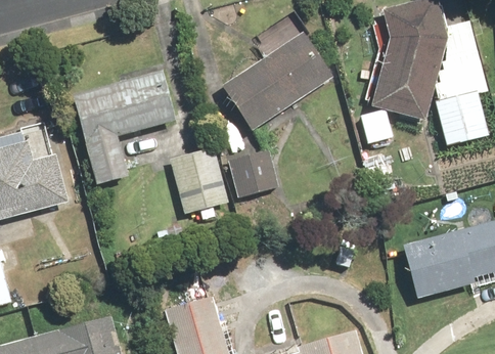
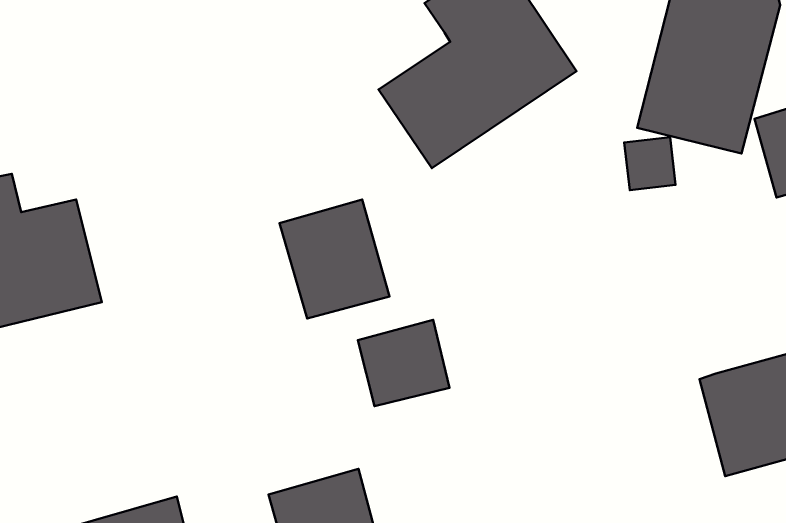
building: [68,67,177,187] -> none
building: [227,149,278,197] -> [358,320,450,406]

